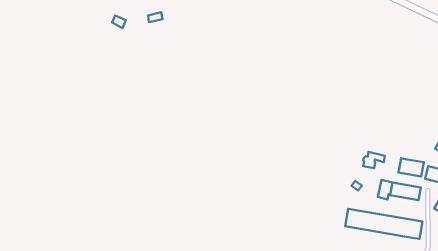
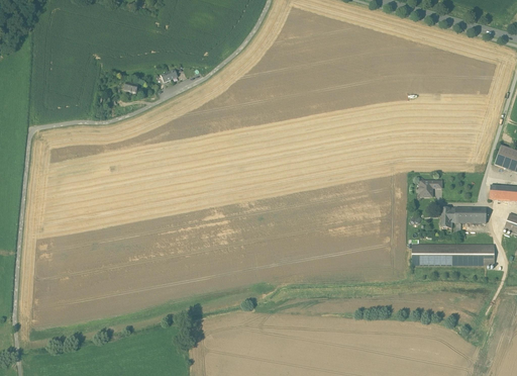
building: [399,158,424,176] -> none

